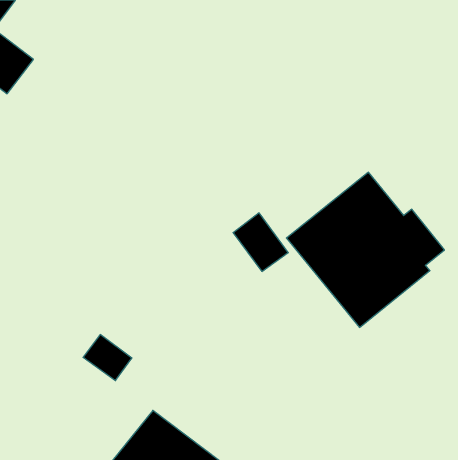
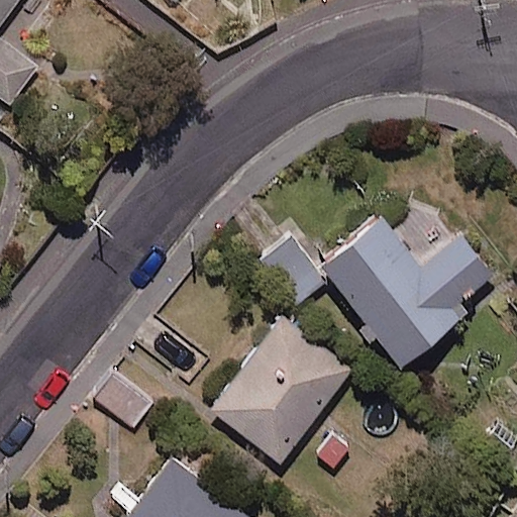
building: none -> [208,317,349,463]

